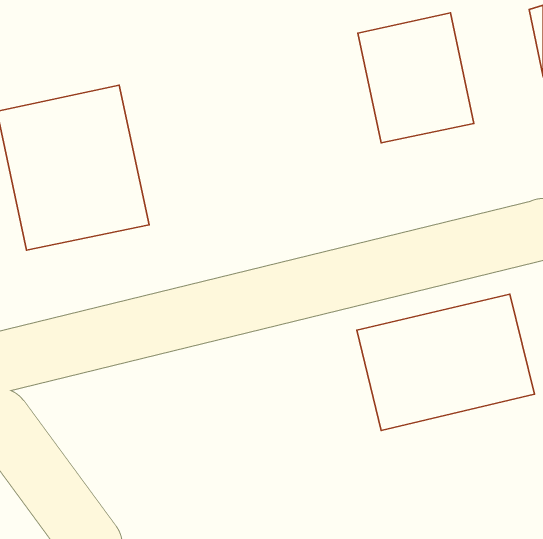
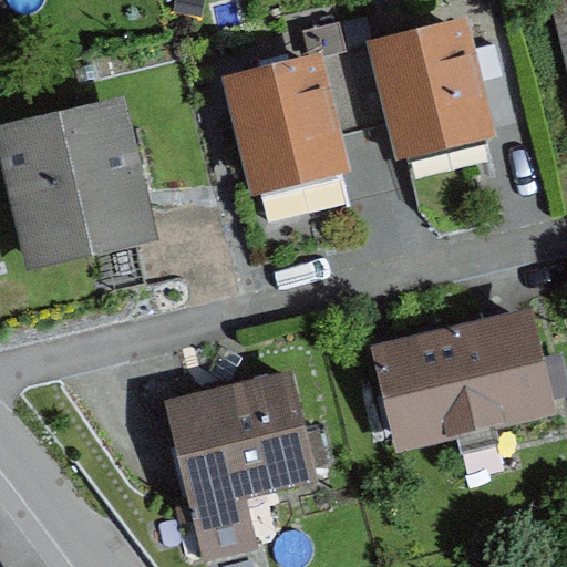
building: none -> [225,50,347,186]
building: none -> [153,392,305,532]

